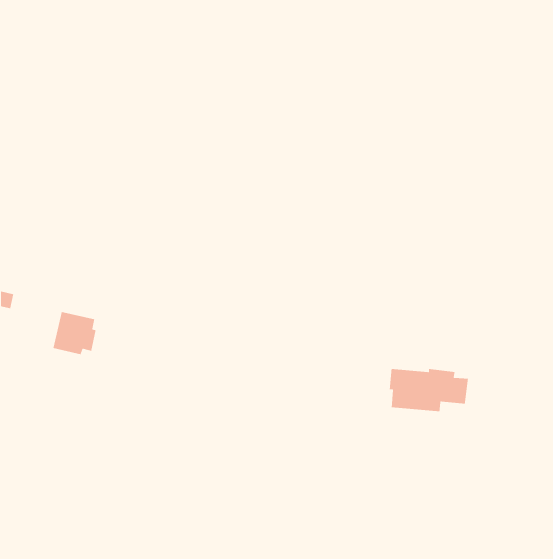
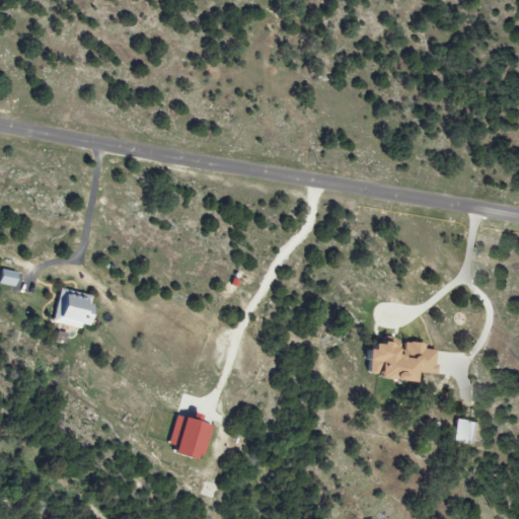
building: none -> [170,413,213,459]
building: none -> [456,420,480,444]

